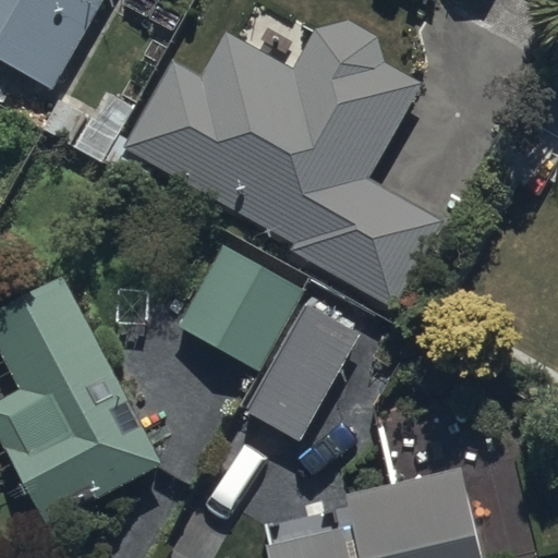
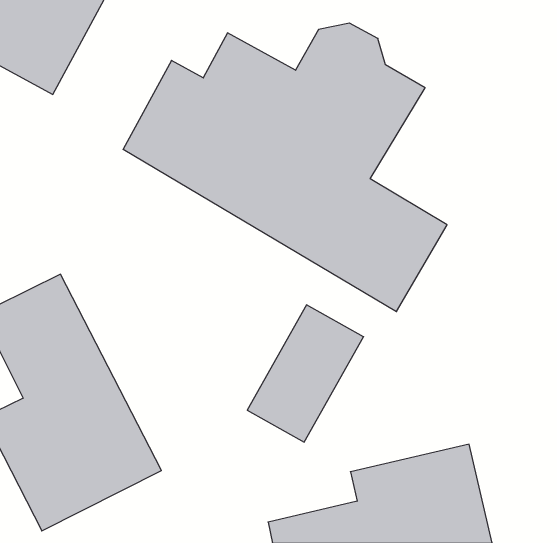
building: [174,234,303,368] -> none

